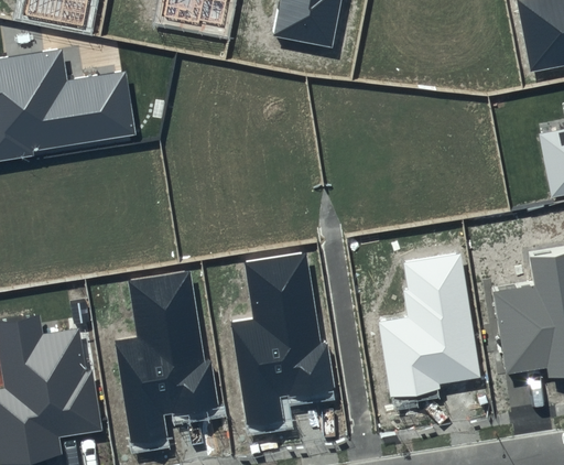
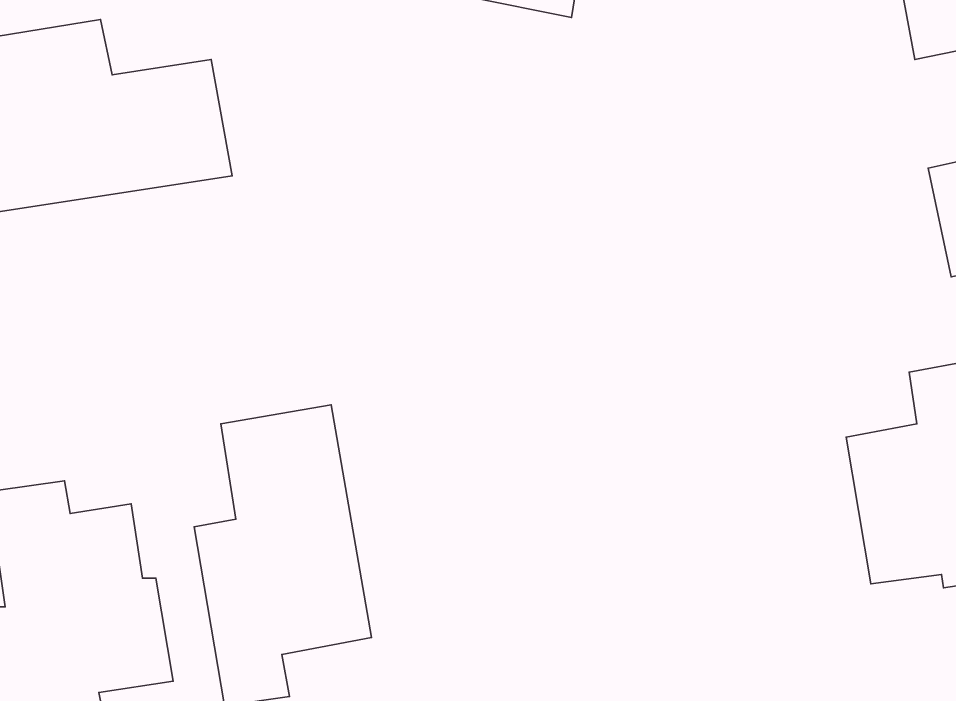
building: [230,252,333,428] -> none
building: [379,253,480,394] -> none

